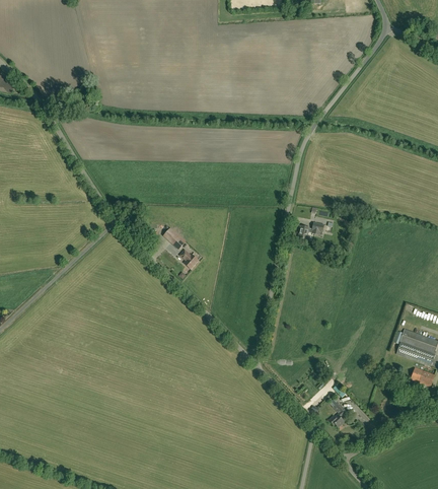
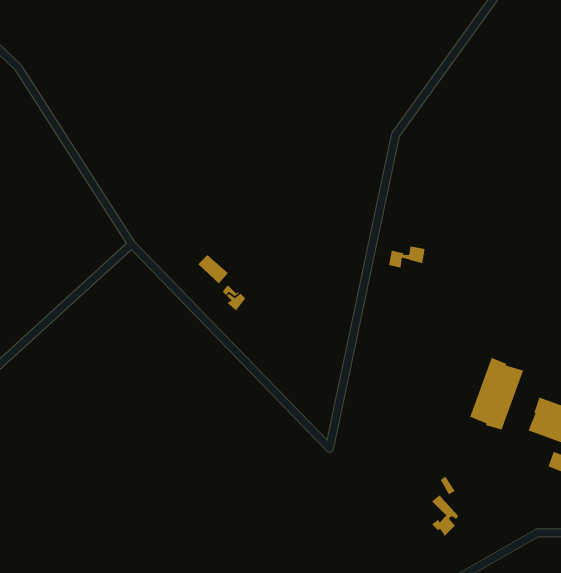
building: none -> [469,357,524,431]

